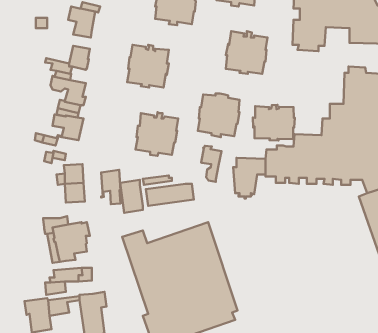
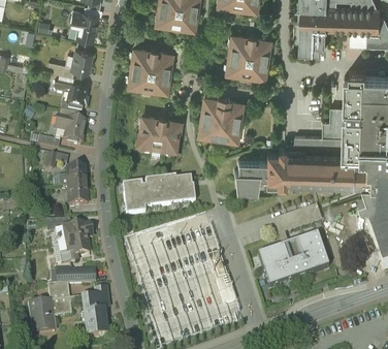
building: [253,105,295,141] -> none
building: [201,146,221,182] -> none
building: [101,170,120,204] -> none
building: none -> [258,232,328,286]

